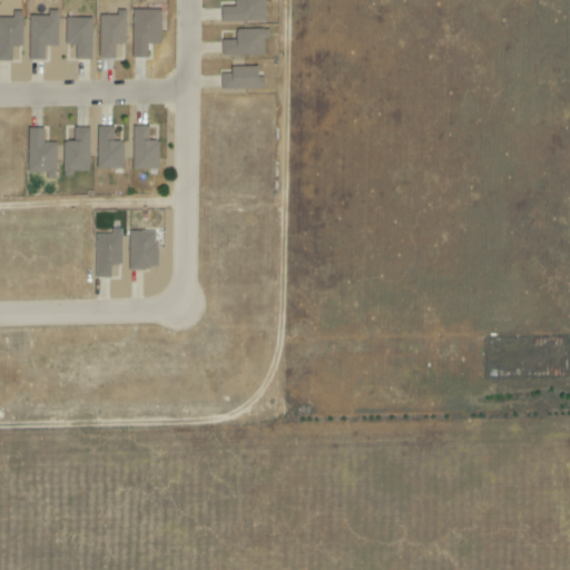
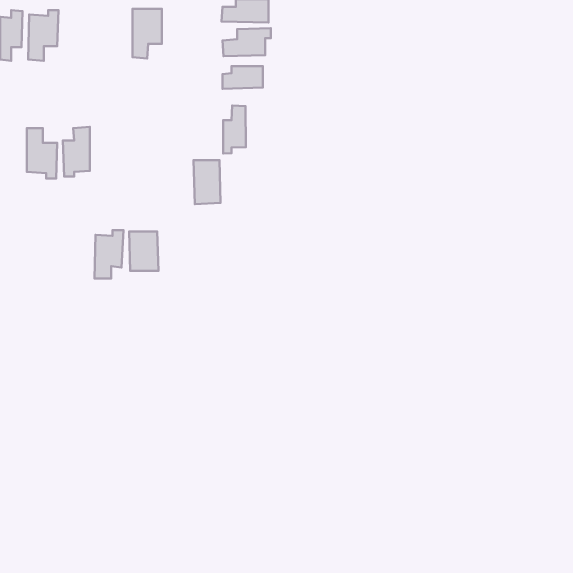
building: [99,10,126,59] -> none
building: [66,18,92,59] -> none
building: none -> [223,106,246,153]
building: [98,126,124,168] -> none
building: [132,126,159,169] -> [194,160,221,204]

